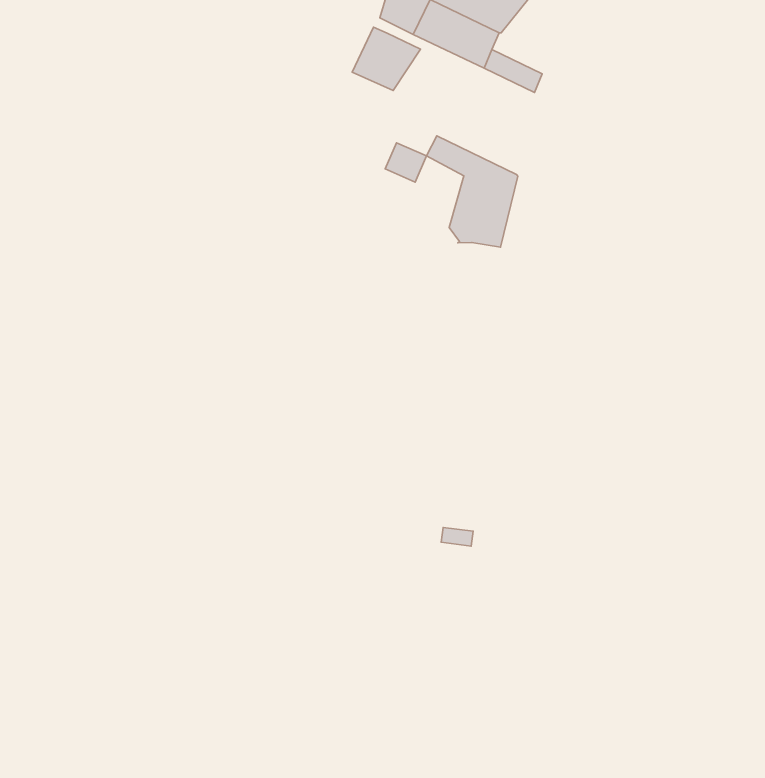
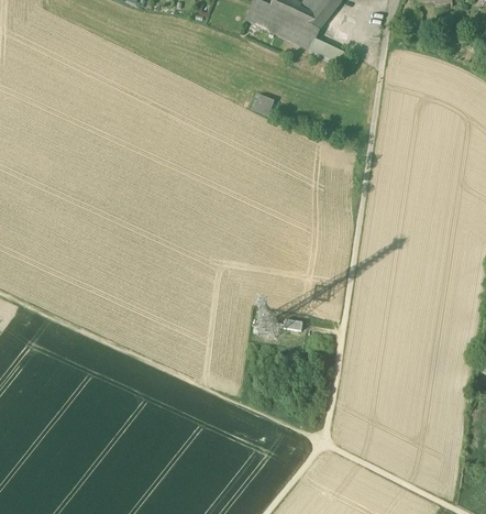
building: [352,27,421,90] -> none
building: [426,136,518,247] -> none

